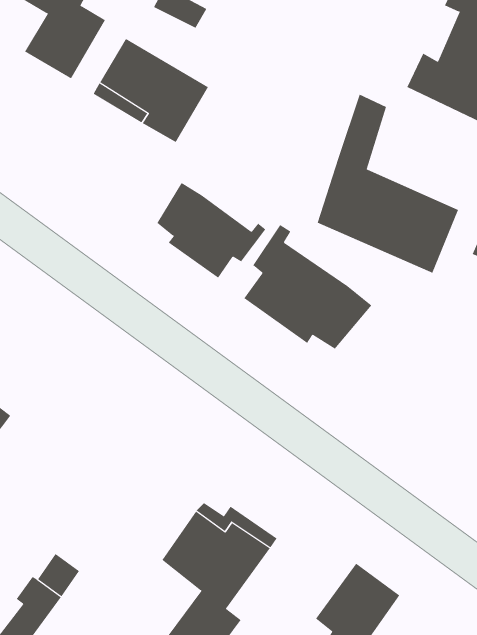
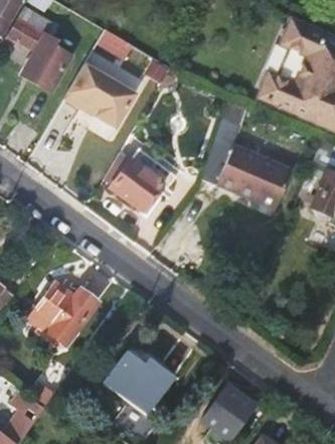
building: [243,224,372,350] -> none
building: none -> [29,282,97,344]

